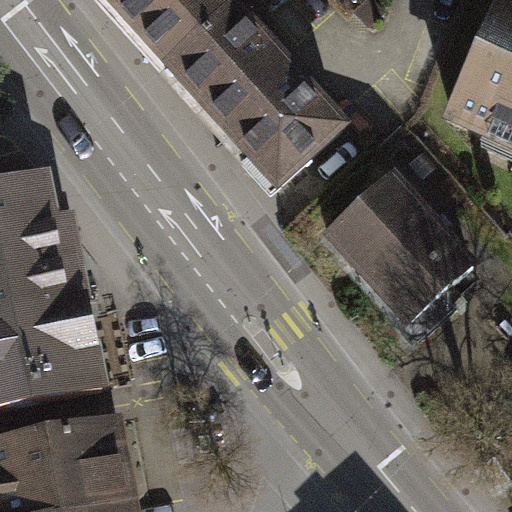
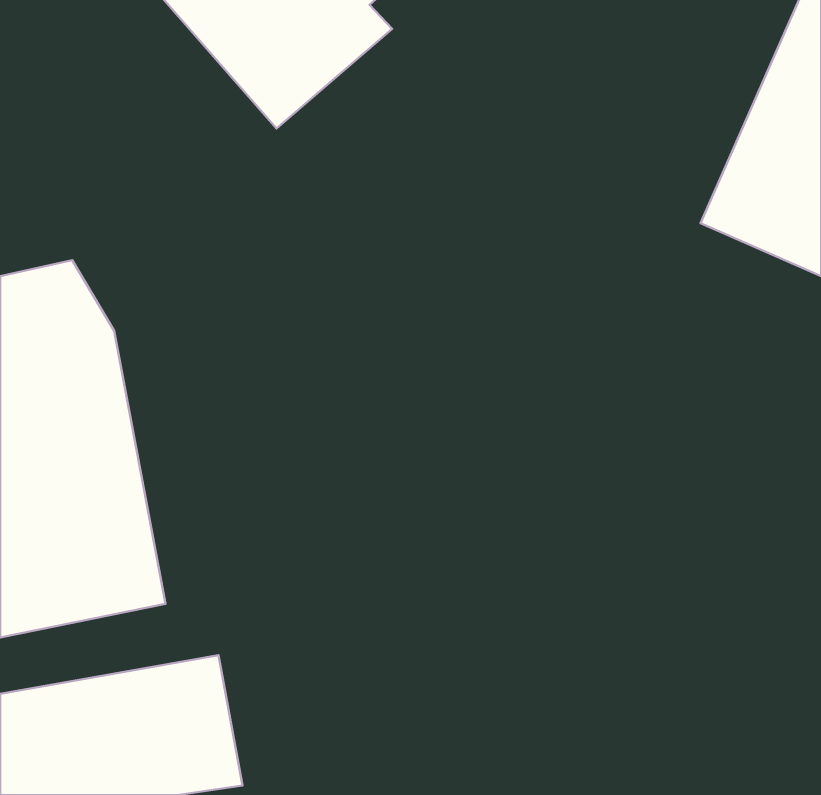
building: [172,18,345,195] -> none
building: [322,178,474,333] -> none

